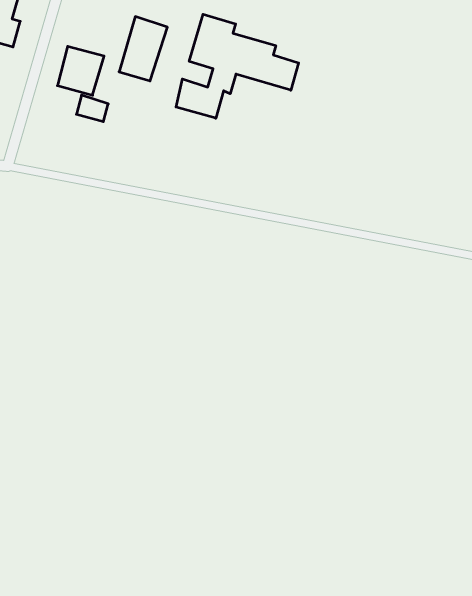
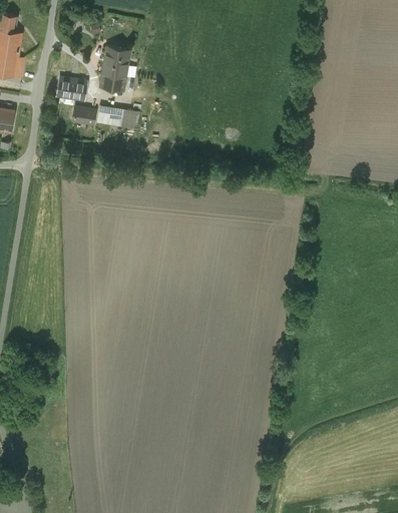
building: [176,14,299,118] -> none
building: none -> [96,105,136,129]

